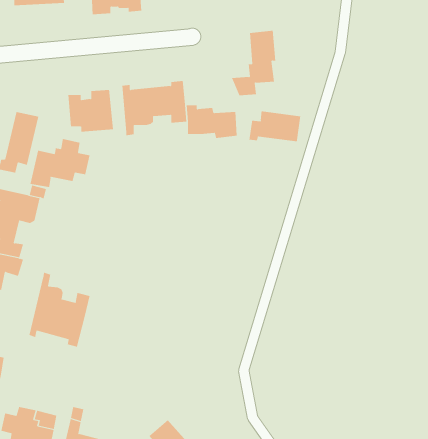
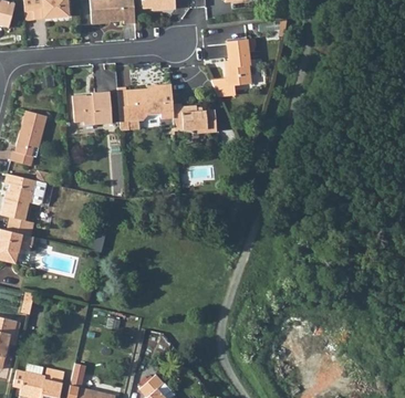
building: [249,110,301,142] -> none
building: [30,138,90,188] -> none
building: [29,272,90,348] -> none

